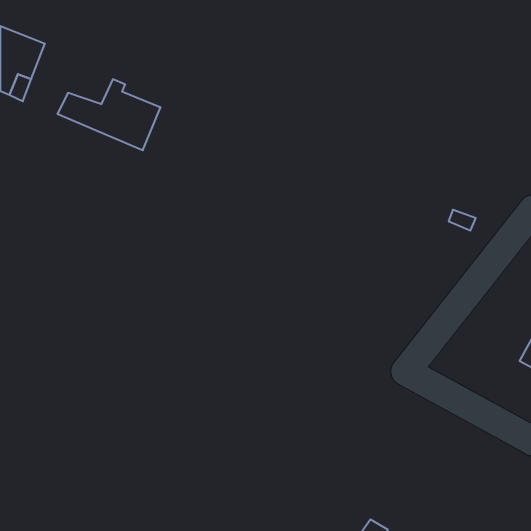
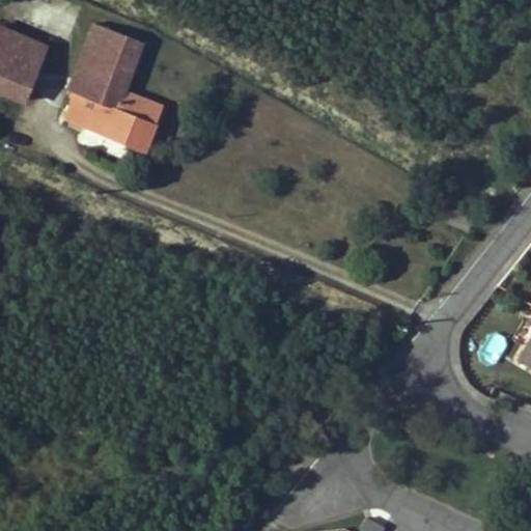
building: none -> [69,25,143,106]

